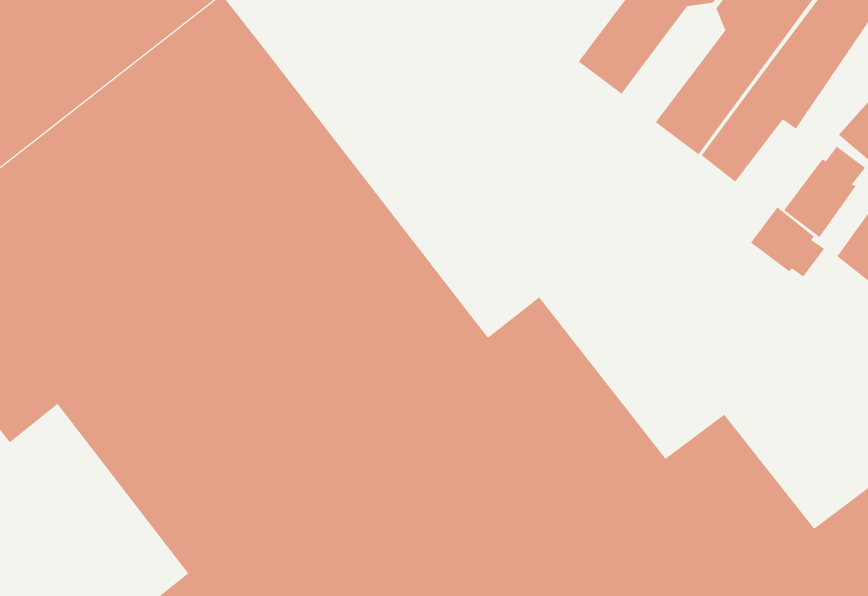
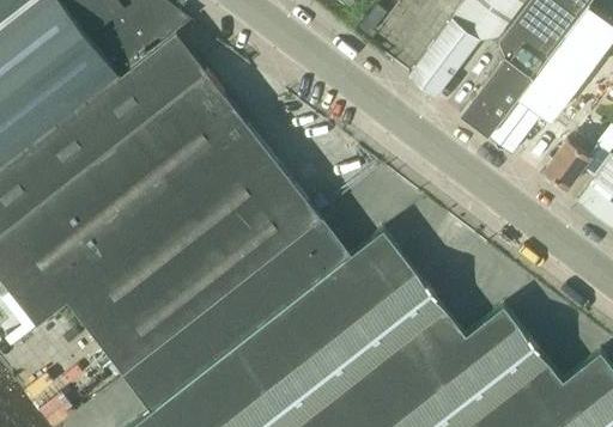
building: [750,207,825,278] -> none

